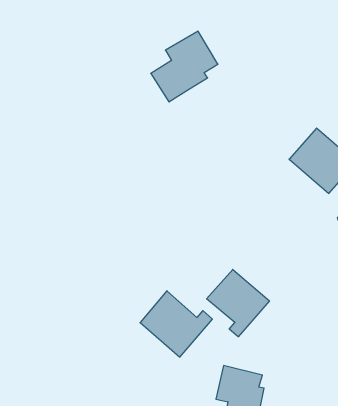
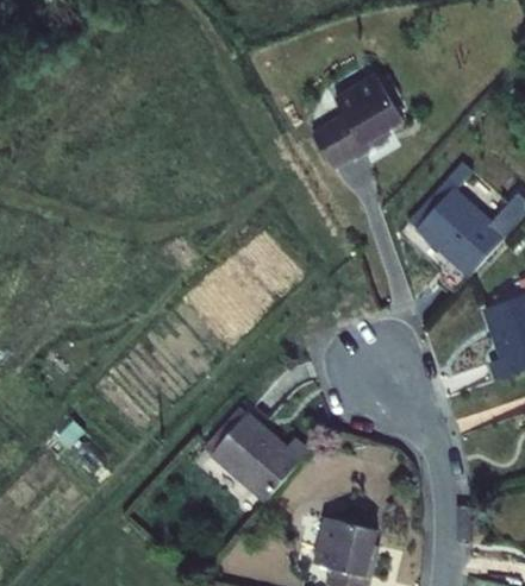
building: [151,31,218,102] -> [311,73,404,170]
building: [207,269,269,337] -> none

